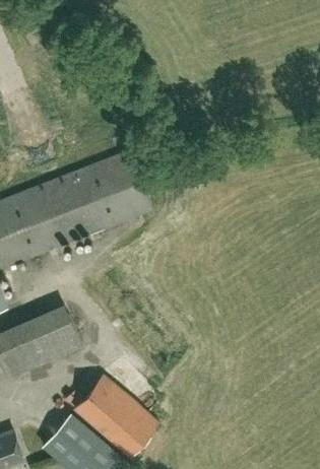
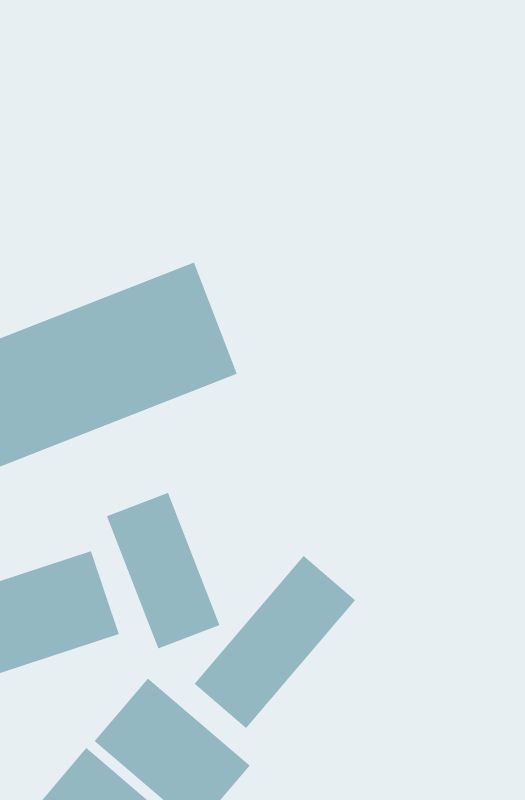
building: none -> [106,492,221,649]
building: none -> [193,555,356,729]

